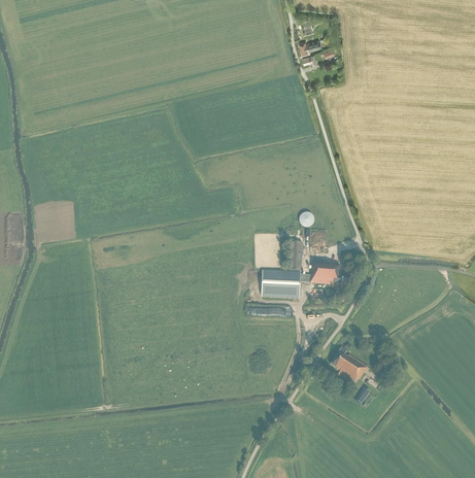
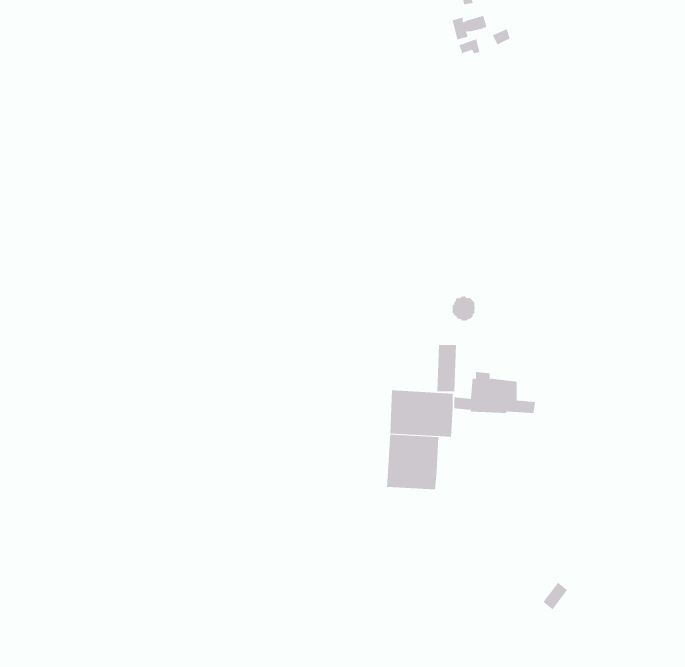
building: none -> [386,434,439,490]
building: [330,347,367,384] -> none

